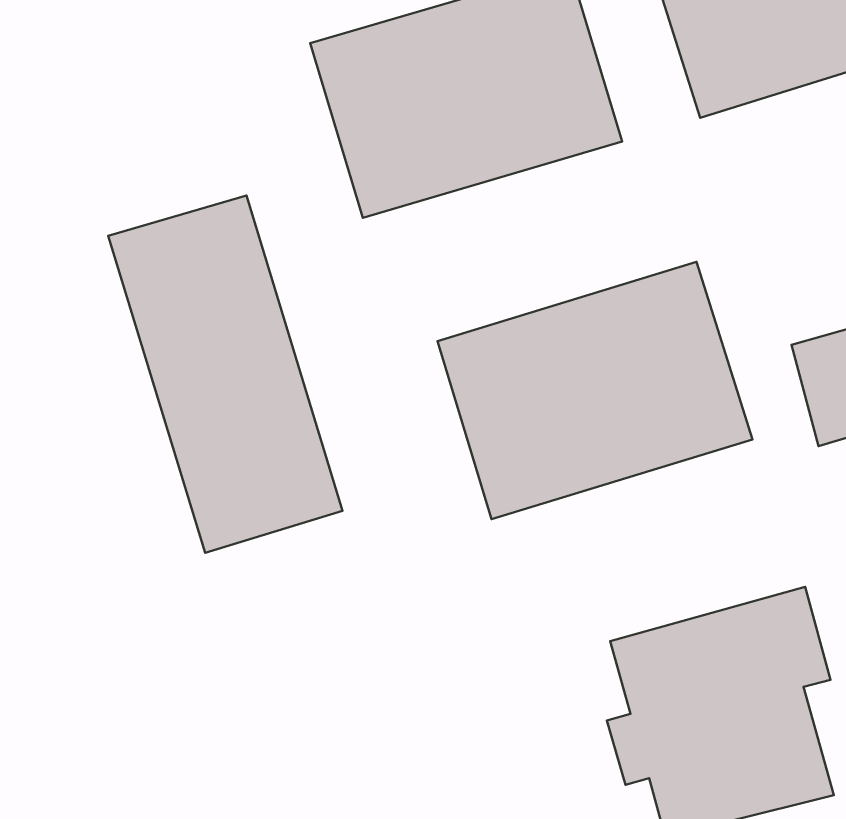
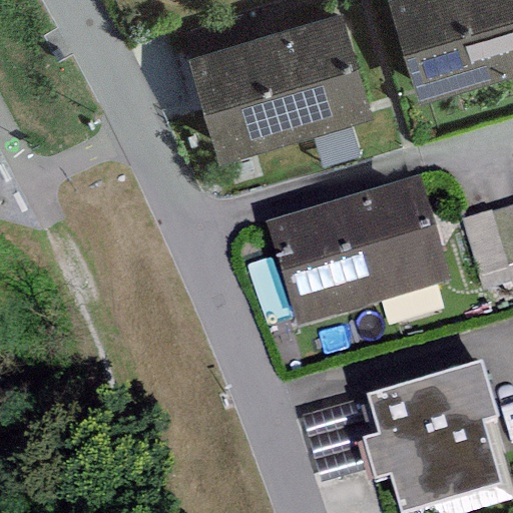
building: [108,196,342,553] -> none

